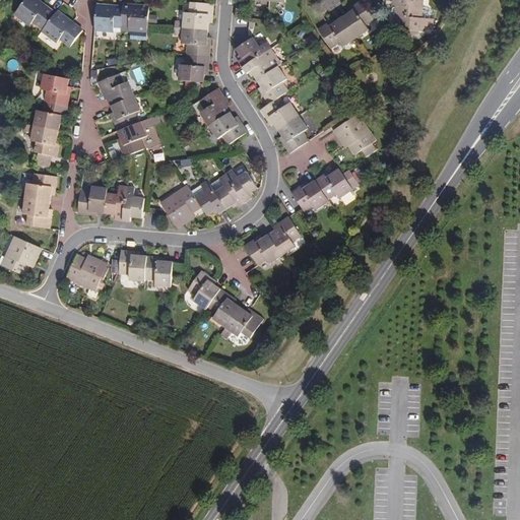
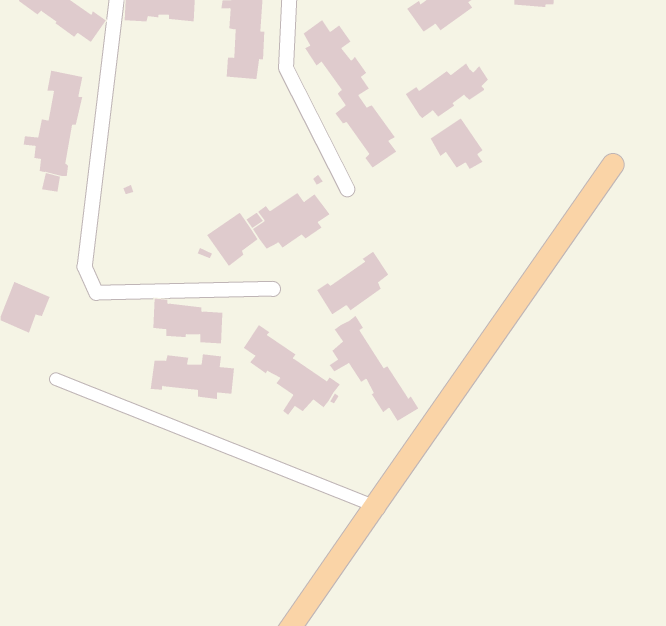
building: [94,72,151,155] -> none
building: [192,86,247,142] -> none
building: [294,164,359,207] -> [405,63,489,119]
building: [20,174,54,229] -> none
building: [77,185,143,220] -> [150,354,235,399]
building: [64,256,106,297] -> none
building: none -> [329,315,419,422]

